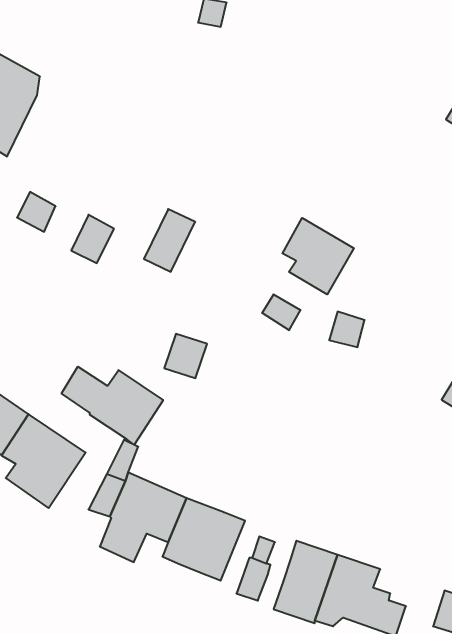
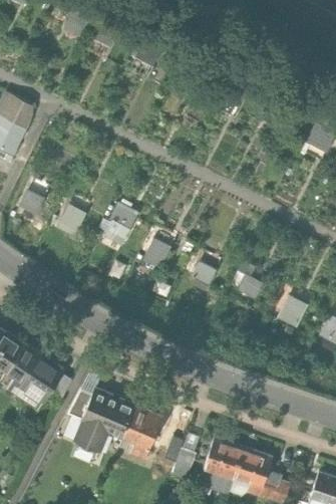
building: [282,218,354,294] -> none
building: [164,334,207,378] -> [140,237,171,268]
building: none -> [273,293,307,329]
building: [62,367,163,445] -> none

